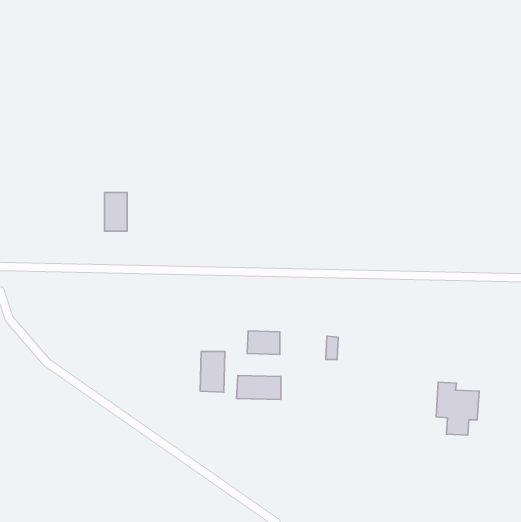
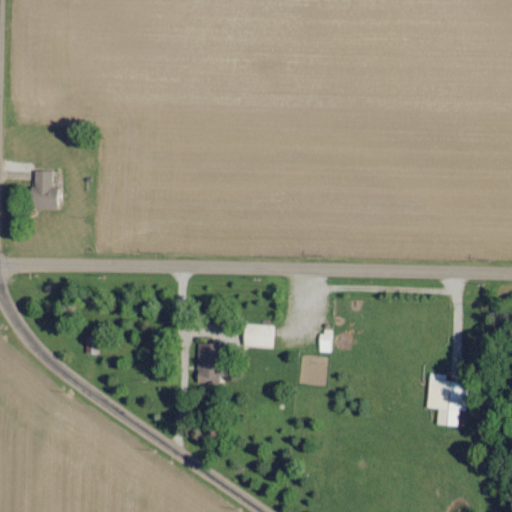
building: [105,192,127,231] -> [32,171,54,209]
building: [236,375,281,400] -> none

